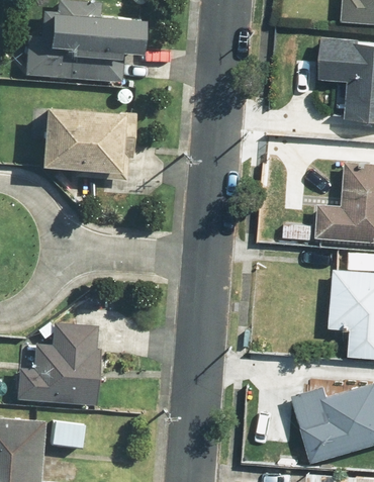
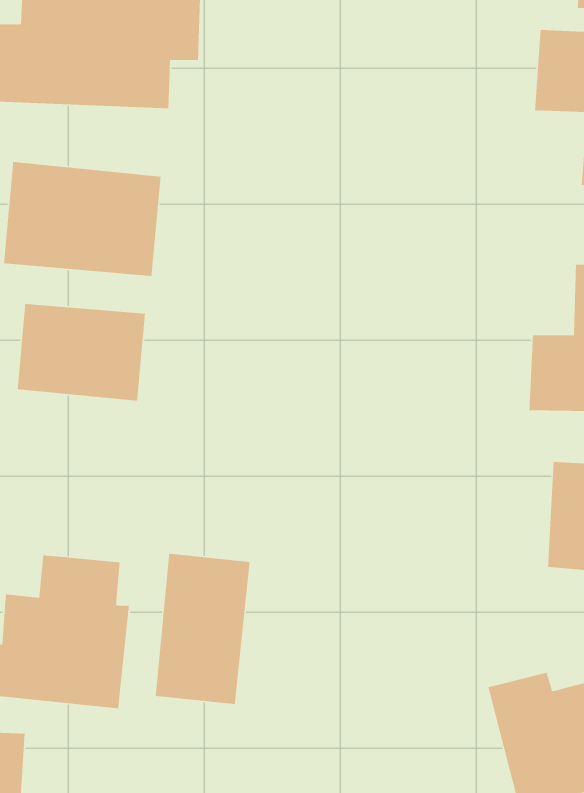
building: none -> [17,303,146,401]
building: none -> [155,553,251,705]

